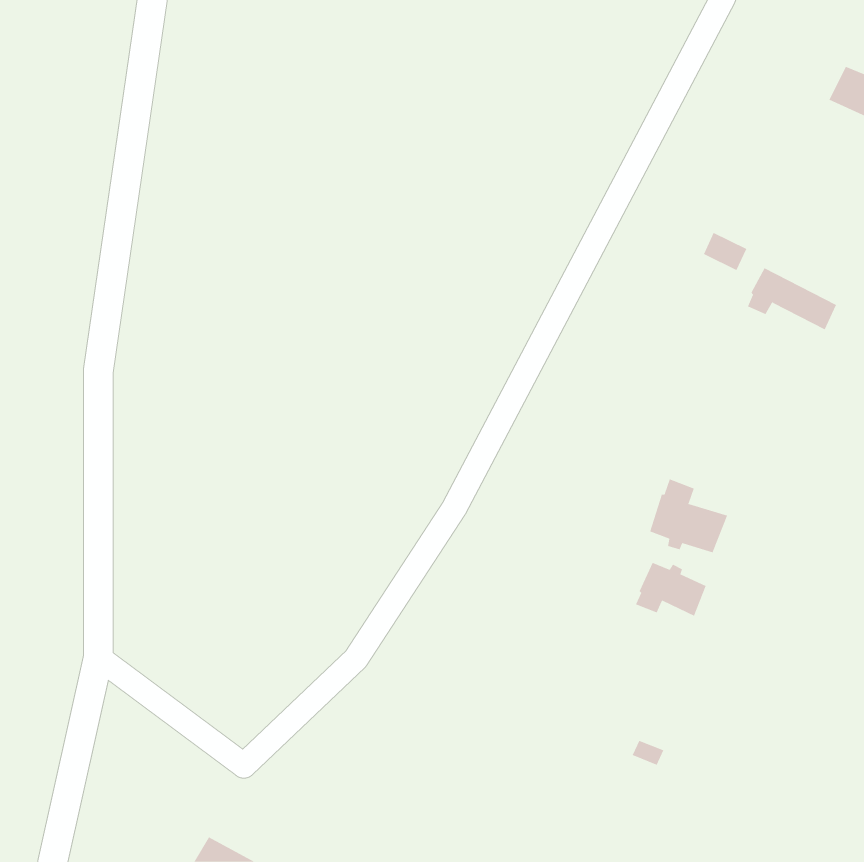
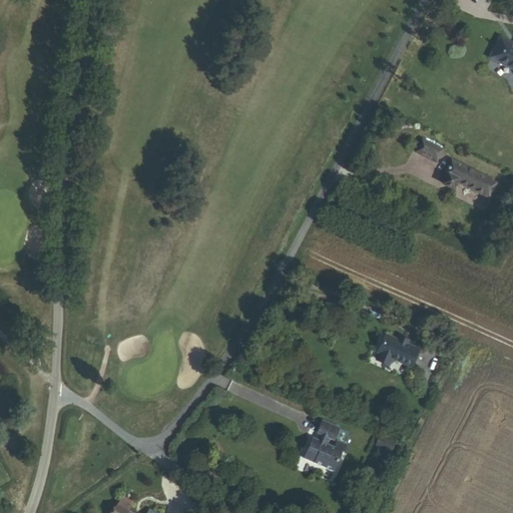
building: [649,479,728,553] -> none
building: none -> [303,423,346,473]

